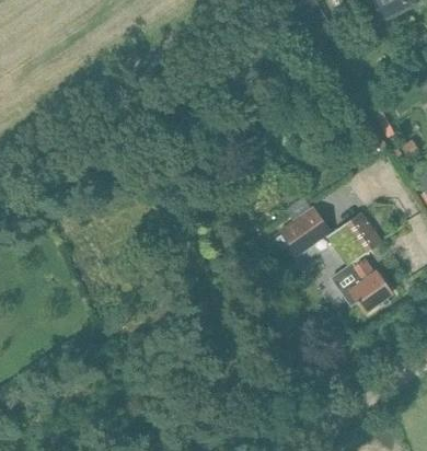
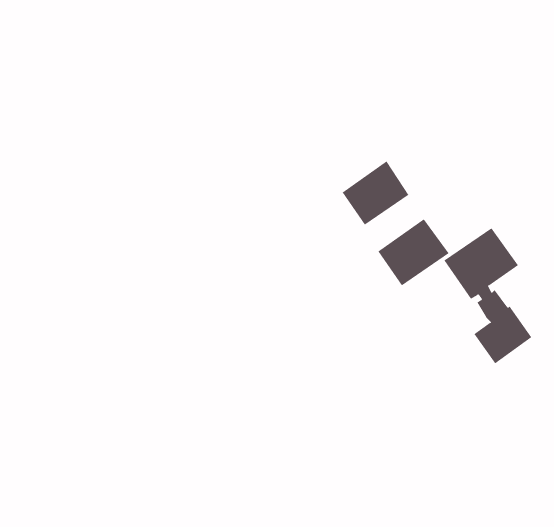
building: none -> [342,161,409,225]

